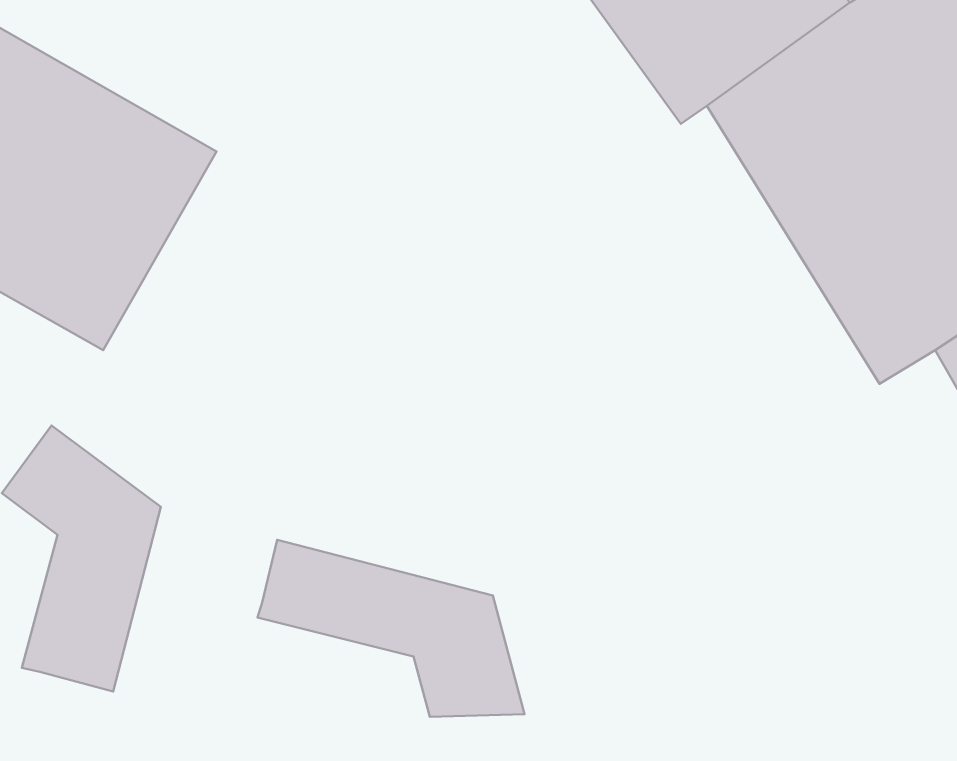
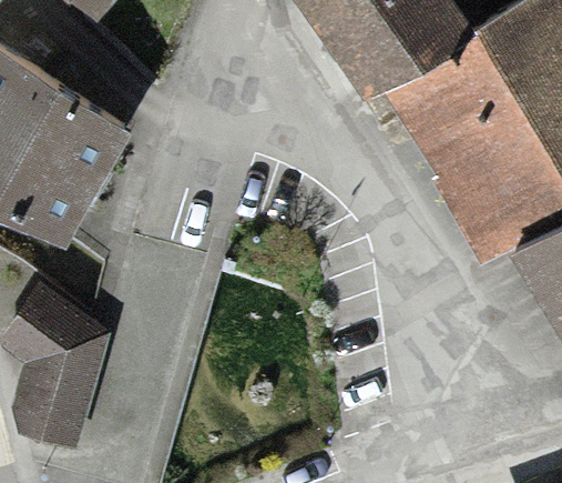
building: [257,540,525,717] -> none

